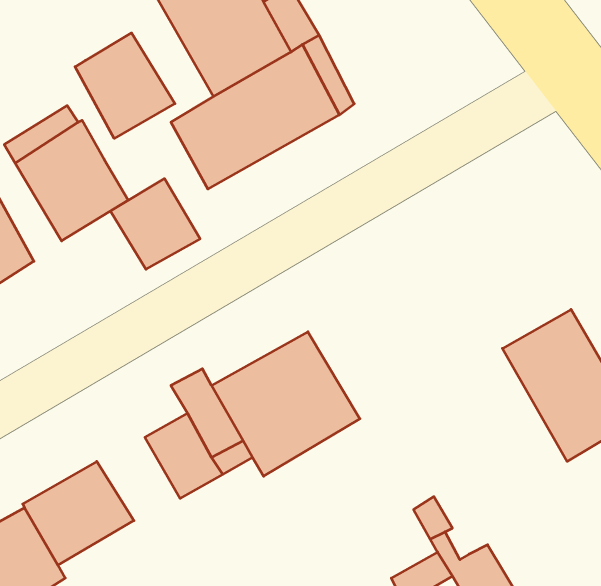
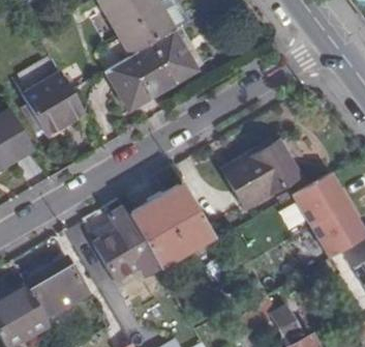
building: [75,33,175,138] -> none
building: [111,179,200,269] -> none
building: none -> [223,142,299,208]

